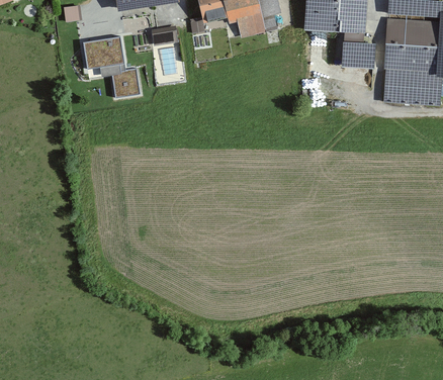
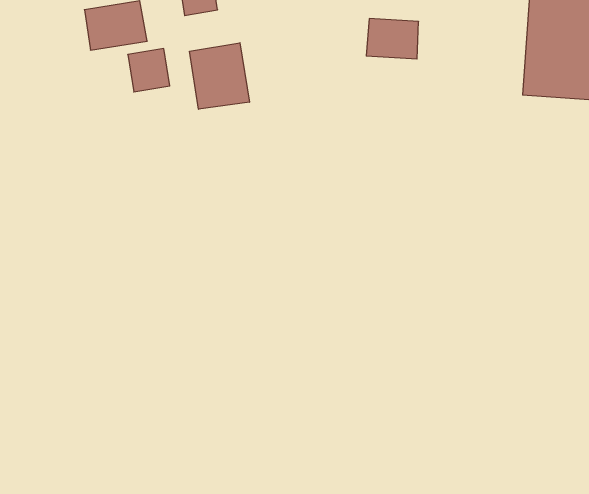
building: [338,41,373,69] -> [366,19,419,59]
building: none -> [190,43,249,109]

